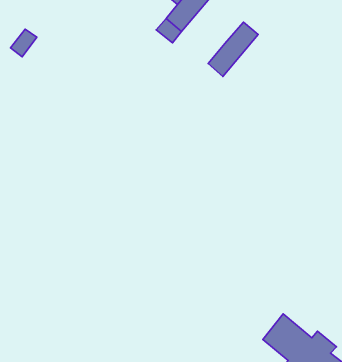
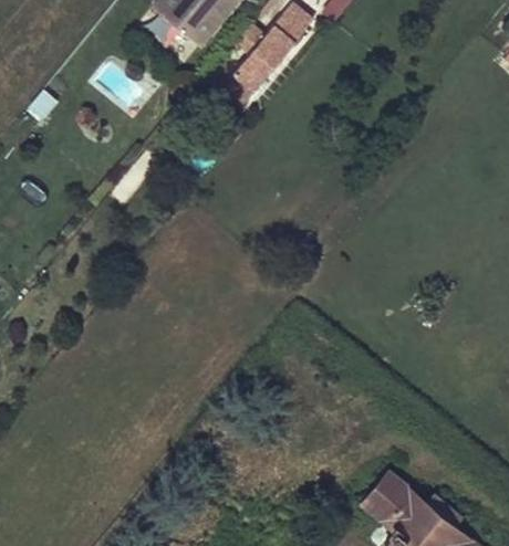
building: [208,22,258,76] -> none

